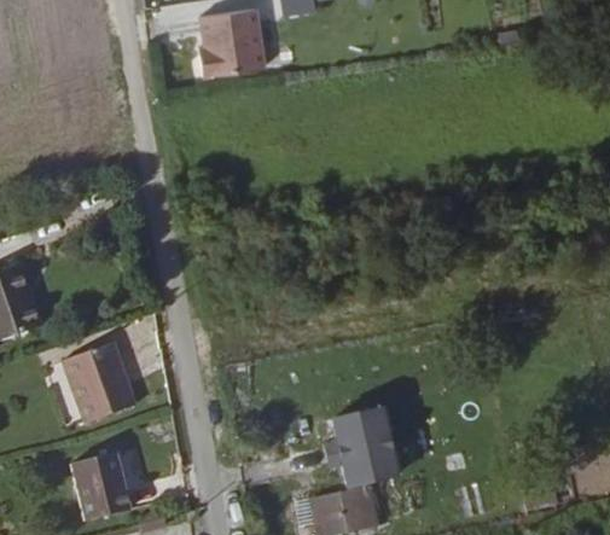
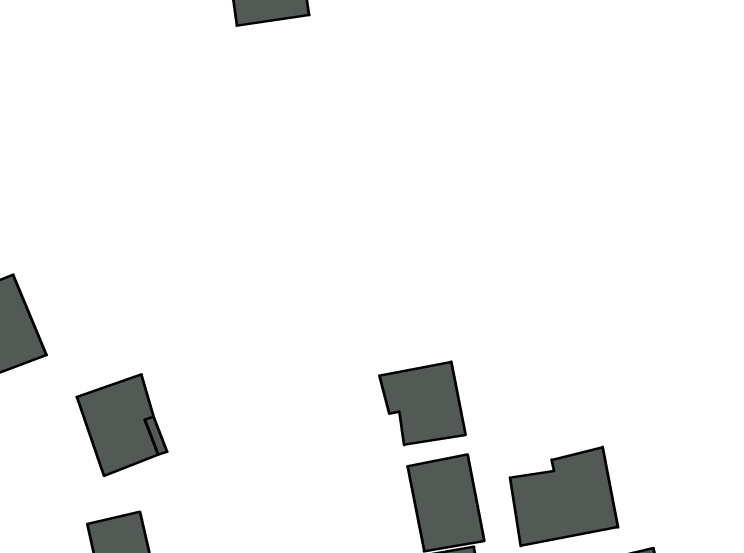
building: none -> [379,362,465,445]
building: none -> [510,447,618,546]

